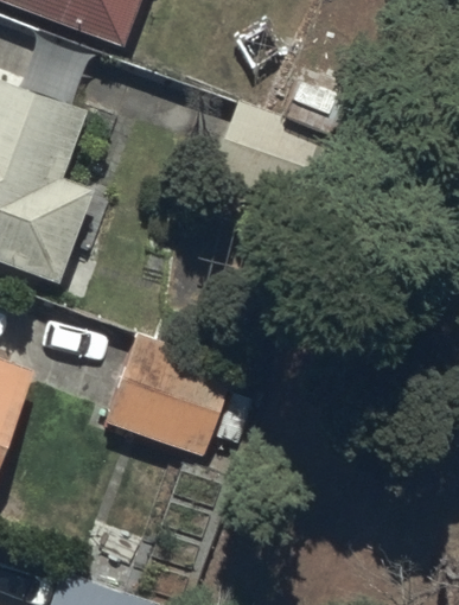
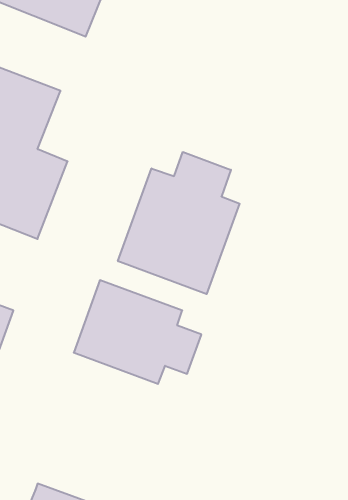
building: none -> [118,152,240,294]

